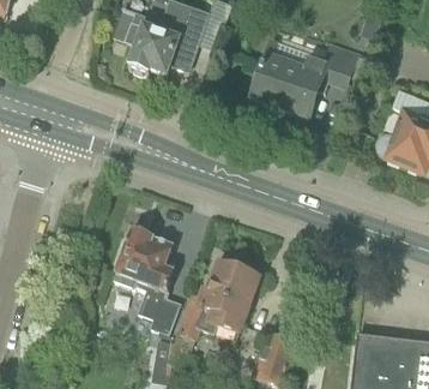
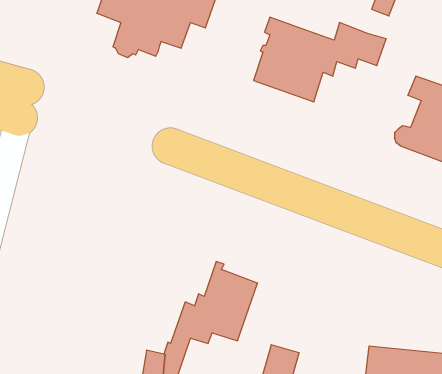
building: [115,229,181,334] -> none

